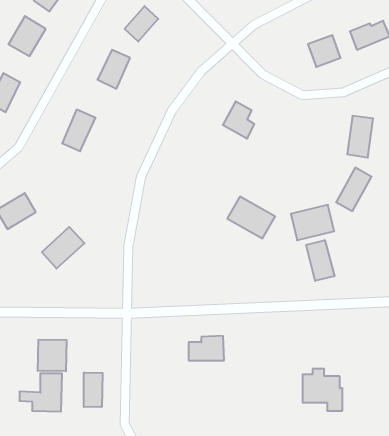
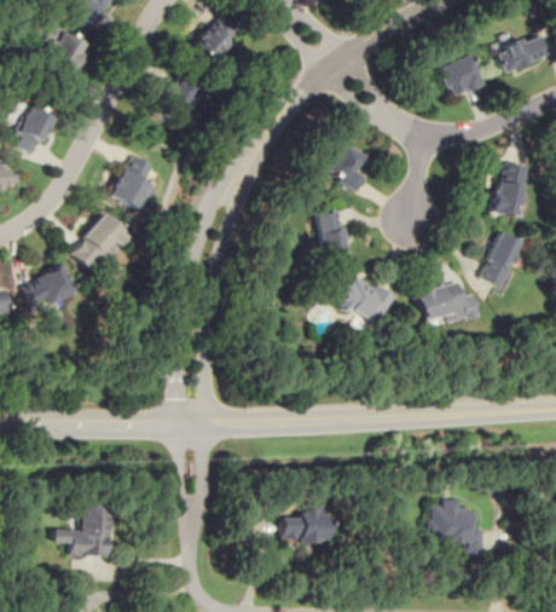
building: none -> [318,210,353,261]
building: [42,227,85,269] -> [74,216,131,272]
building: [306,240,334,281] -> none
building: [189,336,224,360] -> [285,508,332,541]
building: [38,340,67,371] -> none
building: [84,372,103,407] -> none

